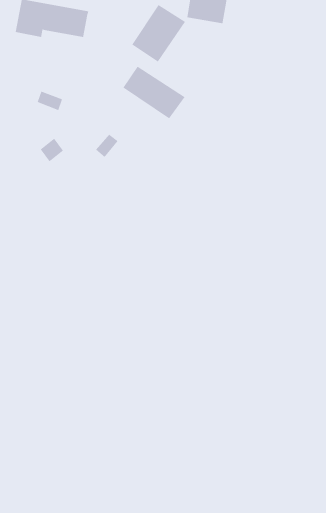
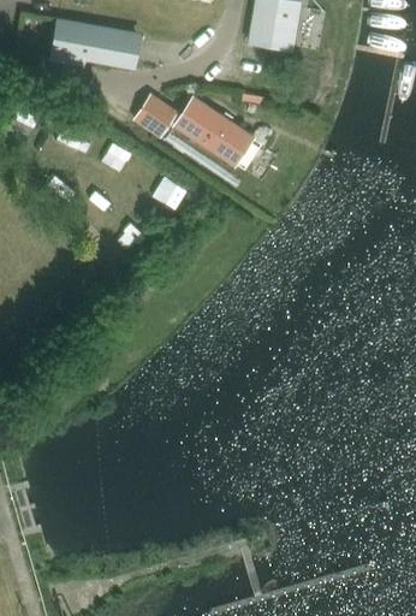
building: [131,4,186,62] -> none
building: none -> [135,95,176,136]

